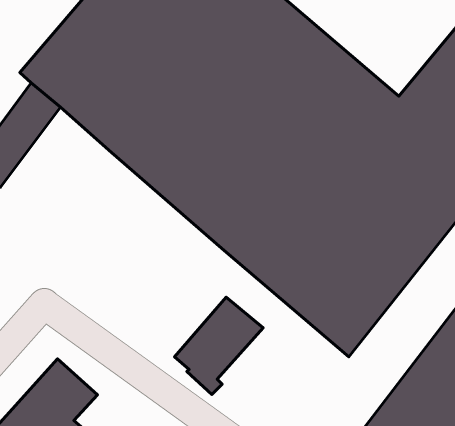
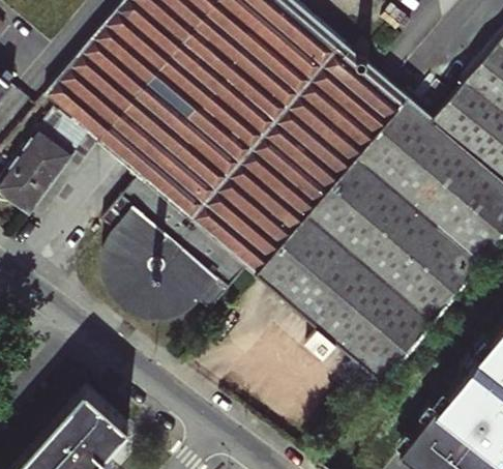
building: none -> [103,174,257,323]
building: [175,297,263,394] -> none

